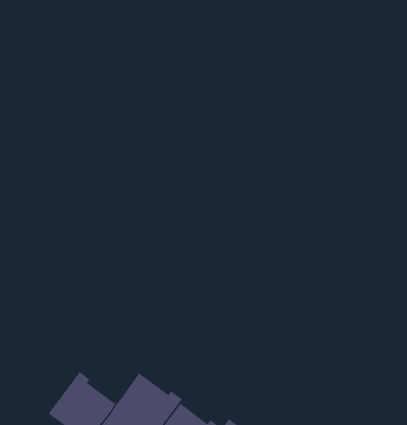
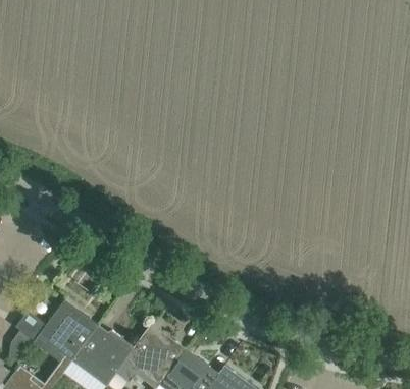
building: none -> [37,299,98,360]

